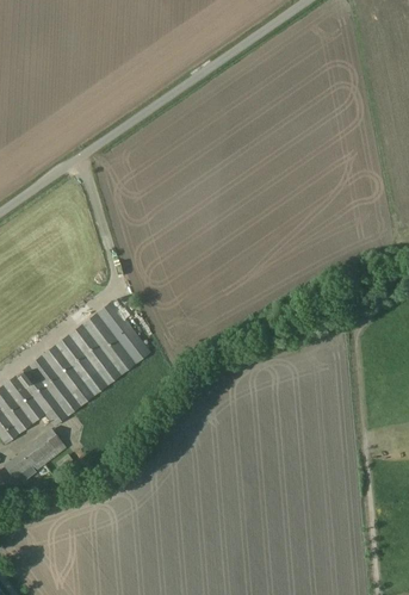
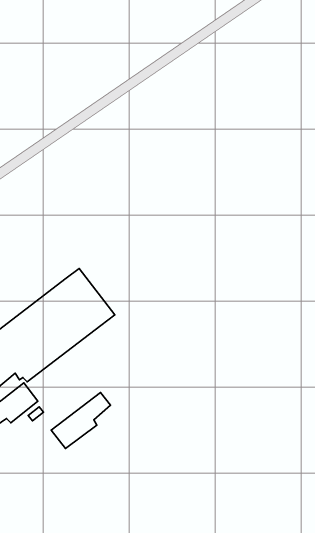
building: none -> [51,393,111,448]

